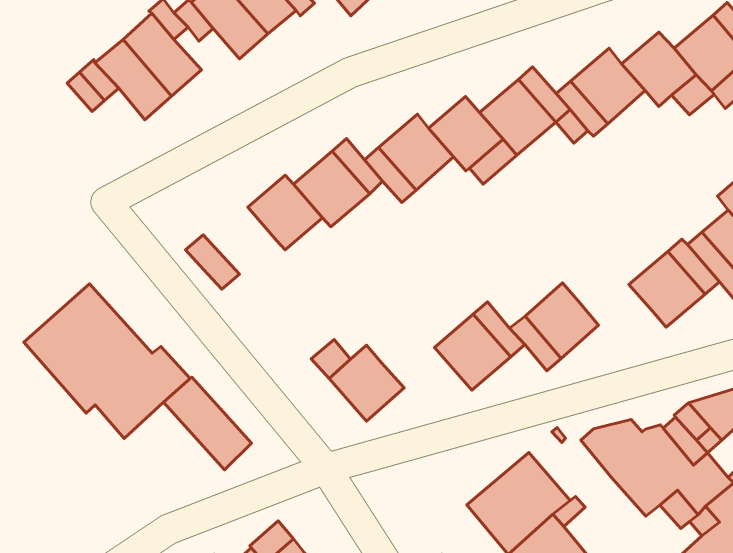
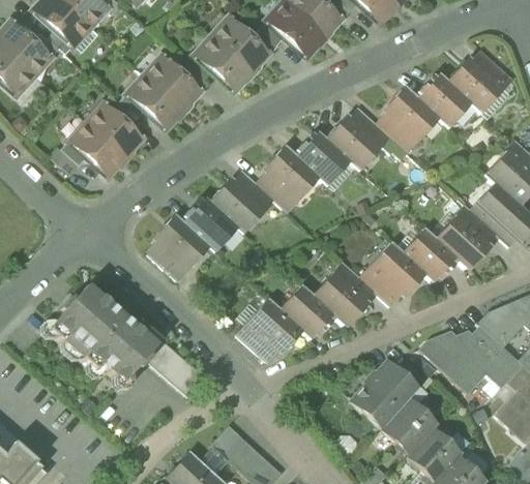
building: none -> [155,217,205,267]
building: none -> [407,232,457,281]
building: none -> [284,290,334,338]
building: none -> [239,328,278,365]

